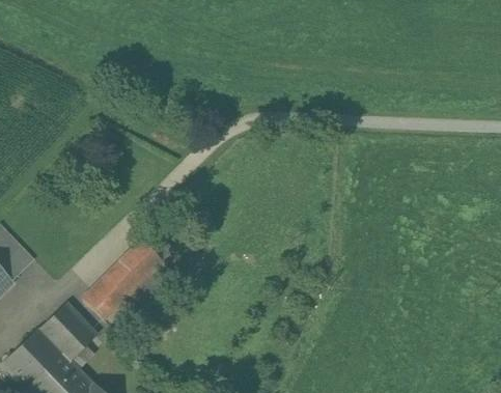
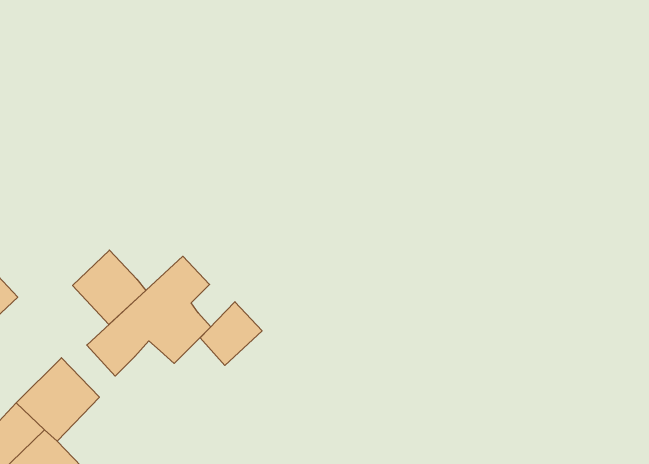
building: none -> [73,250,146,325]
building: none -> [200,302,262,365]

